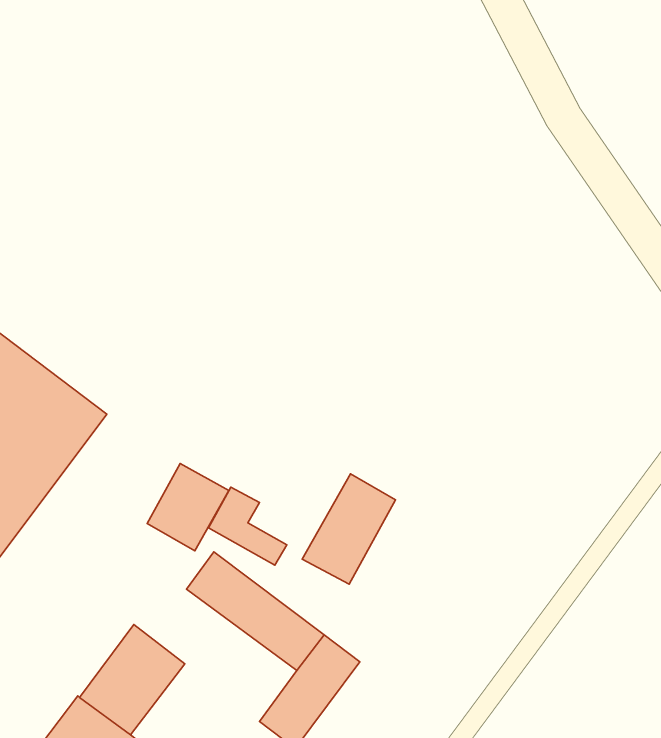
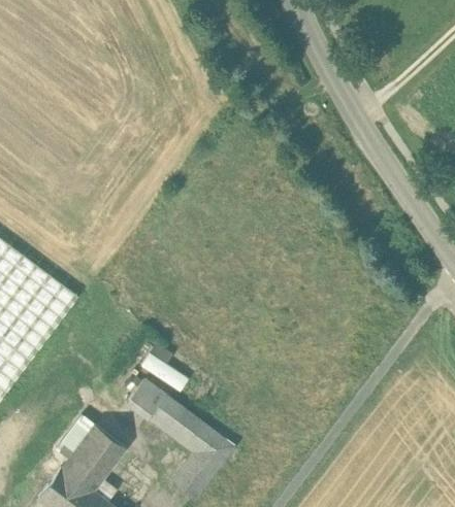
building: [147,464,229,551] -> none
building: [302,474,396,584] -> none

